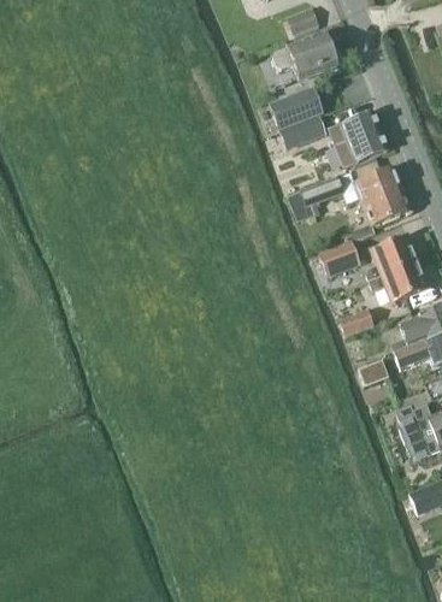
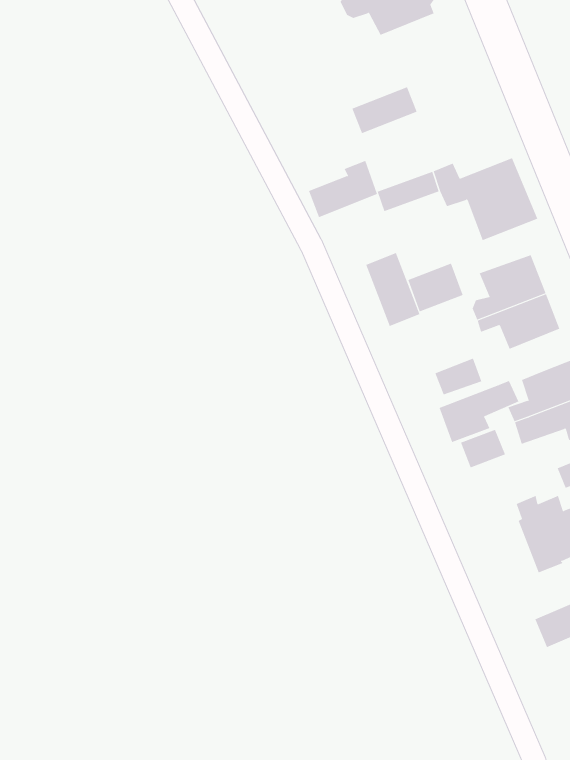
building: [272,87,322,128] -> [308,160,378,218]
building: [328,113,387,165] -> none
building: none -> [365,252,420,327]
building: none -> [439,380,519,443]

